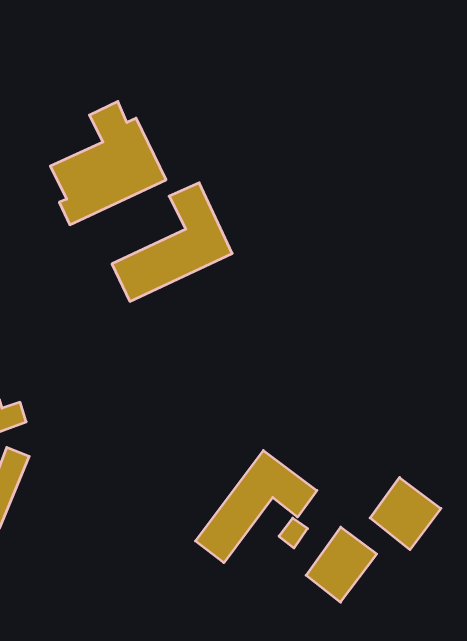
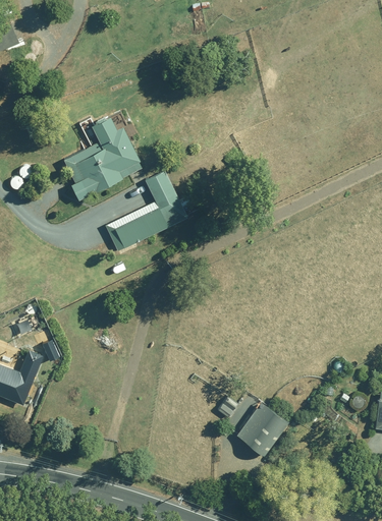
building: [195,450,317,563] -> none
building: [370,477,441,550] -> none

